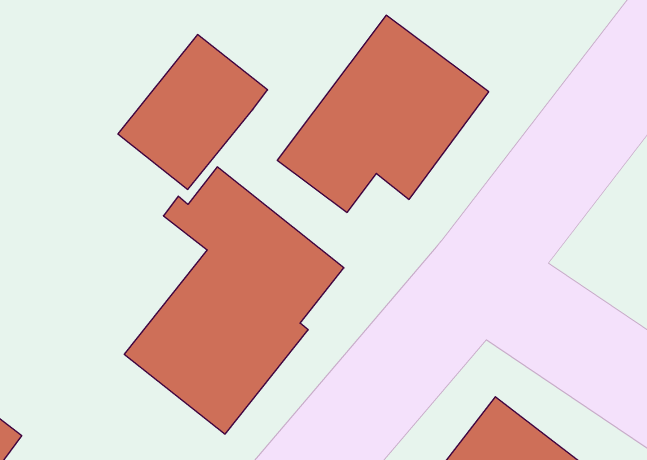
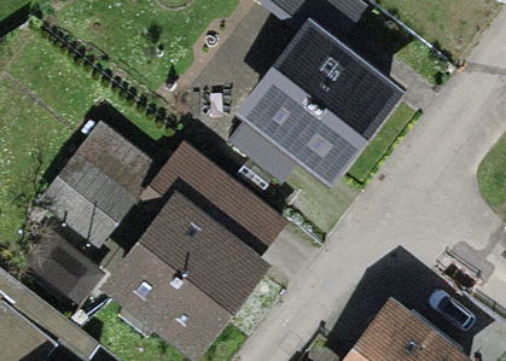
building: [118,35,268,189] -> [46,123,157,238]

